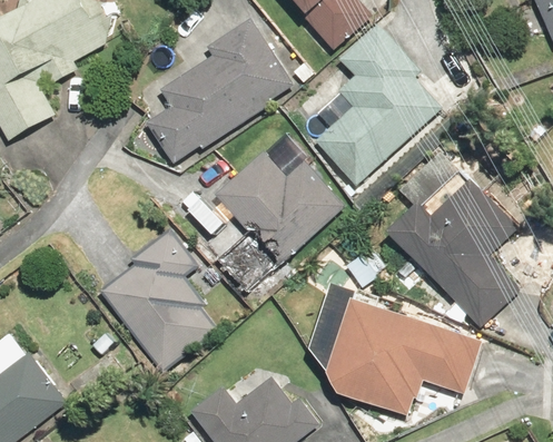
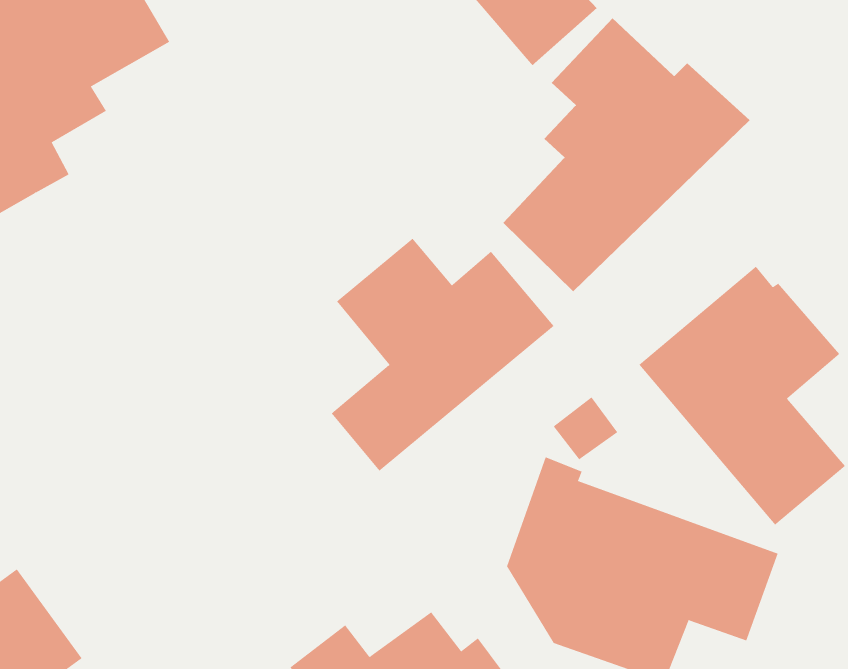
building: [144,18,290,166] -> none
building: [99,226,214,371] -> none

